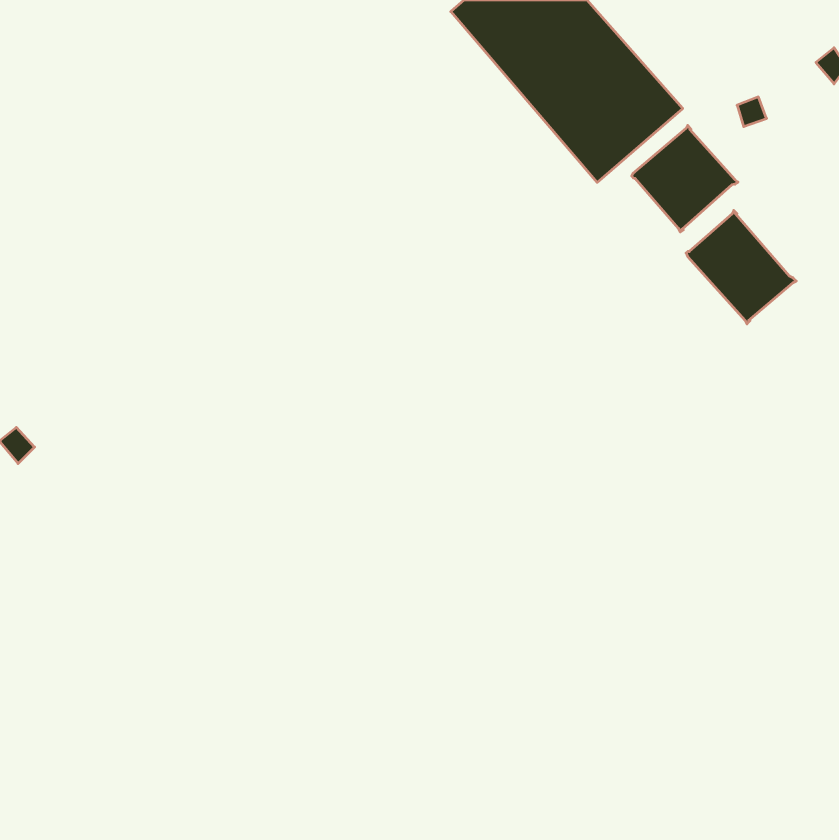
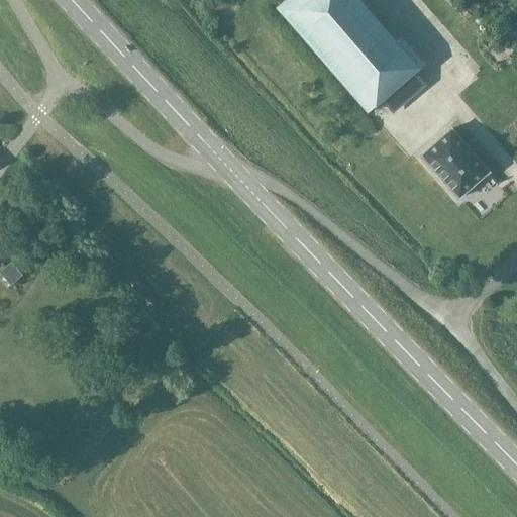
building: [632,125,738,232] -> none

